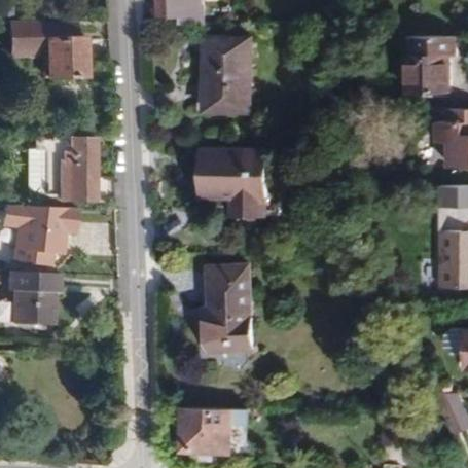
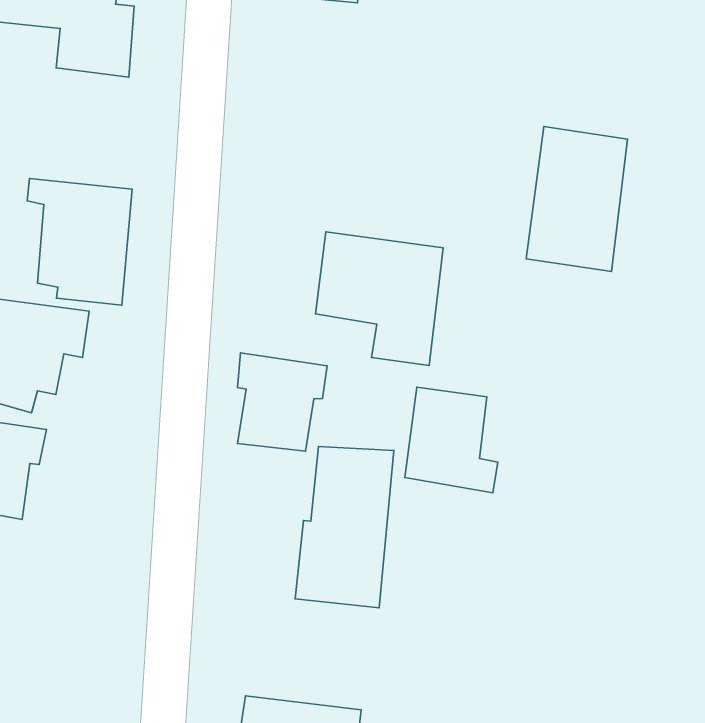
building: [204,37,252,112] -> [526,127,627,272]
building: none -> [238,353,327,451]
building: none -> [405,387,498,493]

